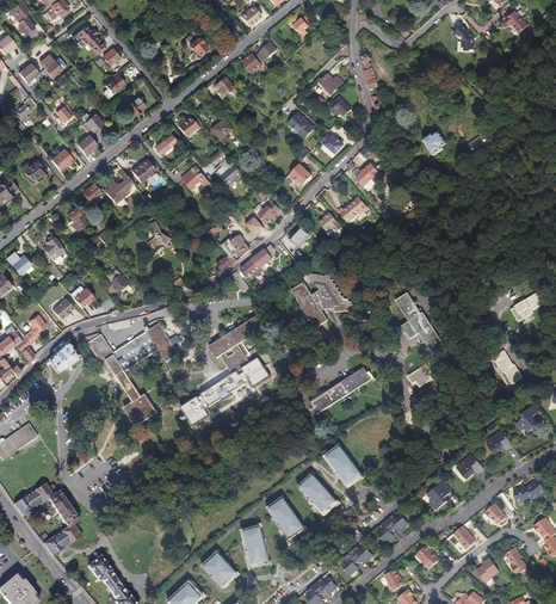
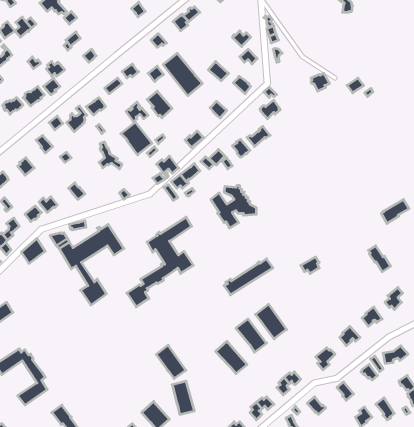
building: none -> [163,53,202,96]
building: none -> [121,122,152,155]
building: [395,292,443,353] -> none
building: none -> [255,304,287,339]
building: [266,495,304,538] -> [156,345,186,379]

